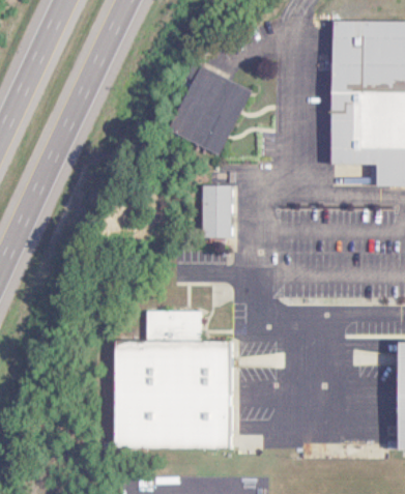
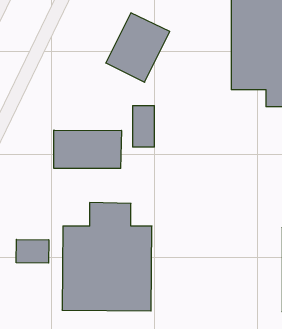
building: none -> [54,130,121,168]
building: none -> [16,239,49,263]

